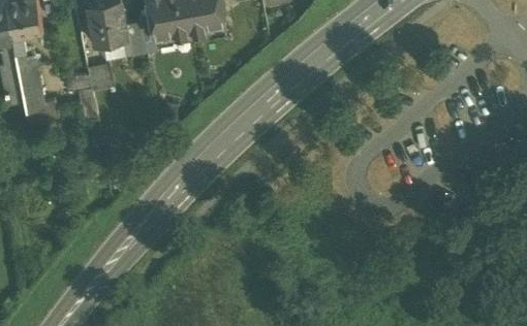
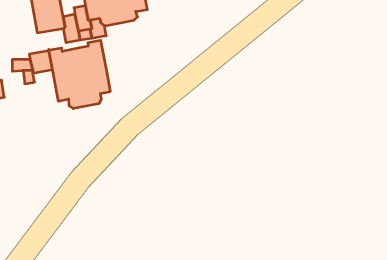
building: none -> [49,40,110,109]

